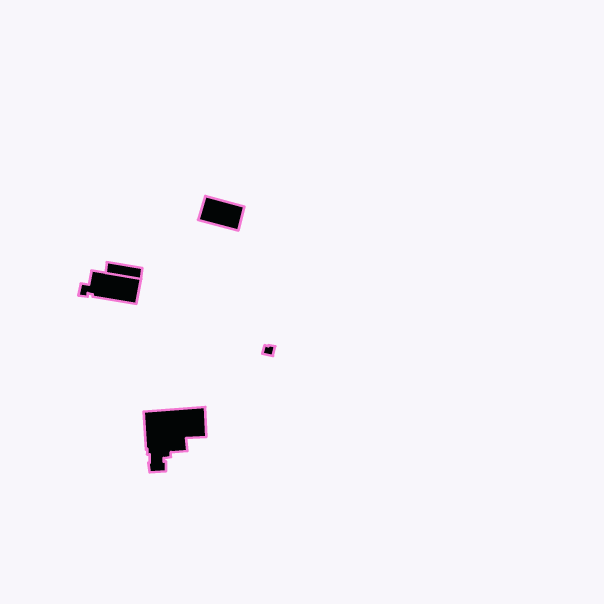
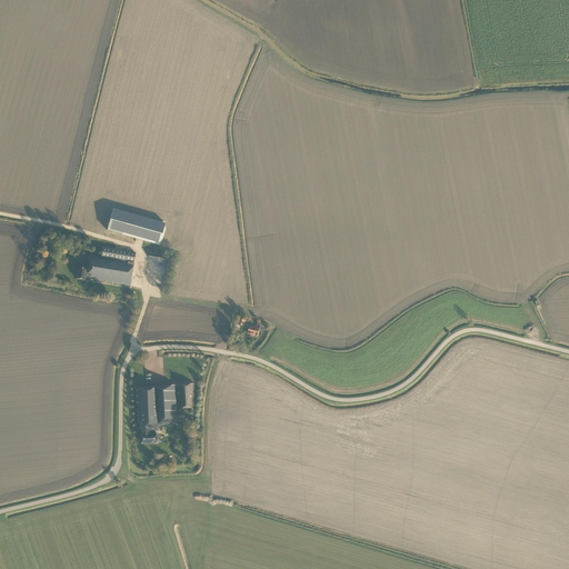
building: [198,196,244,230] -> [119,211,162,243]

